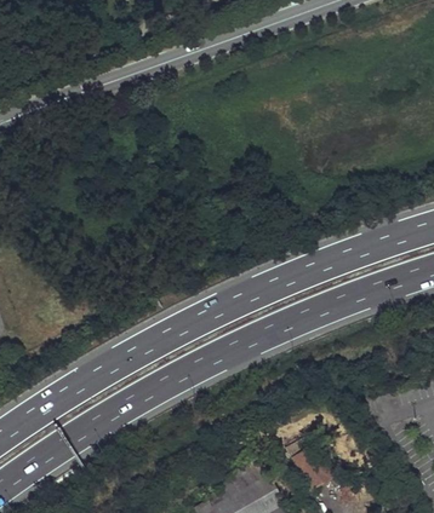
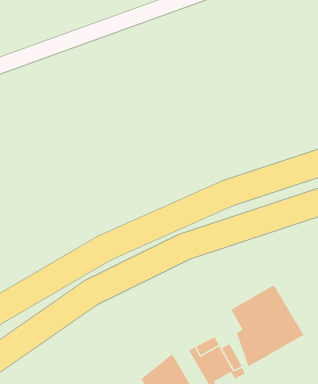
building: none -> [230,284,305,367]

